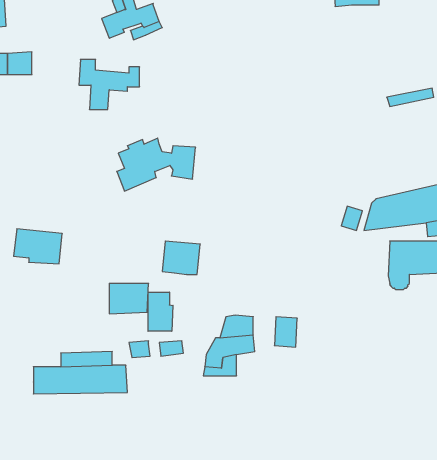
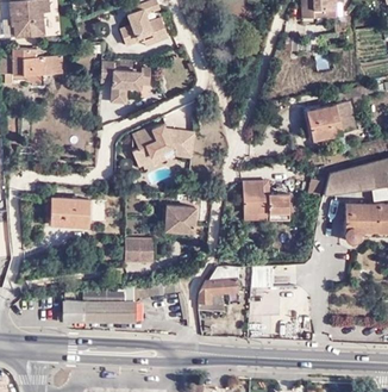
building: none -> [307,102,357,141]
building: none -> [242,182,288,220]
building: [148,292,173,331] -> none

